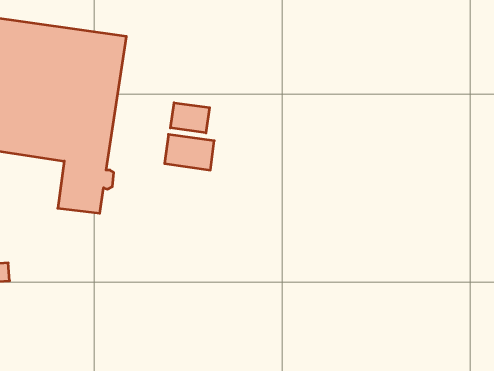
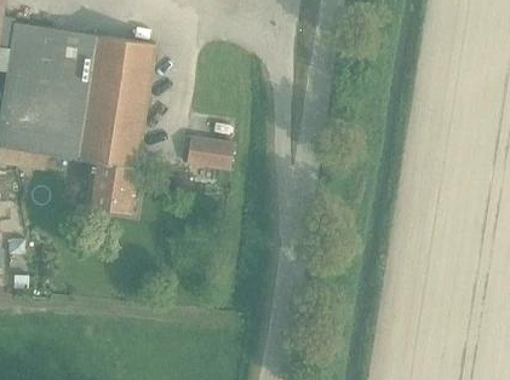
building: [170,103,210,133] -> none

